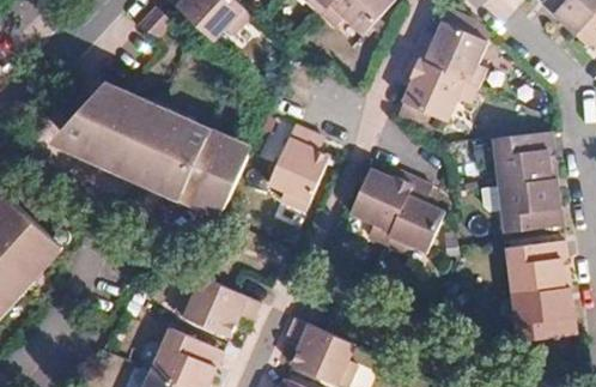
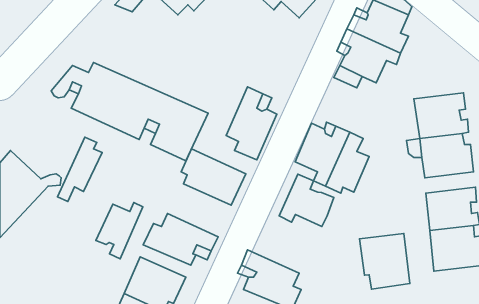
building: none -> [58,137,102,202]
building: none -> [181,149,246,205]
building: none -> [279,174,334,226]
building: none -> [96,203,143,259]
building: none -> [360,234,410,289]

